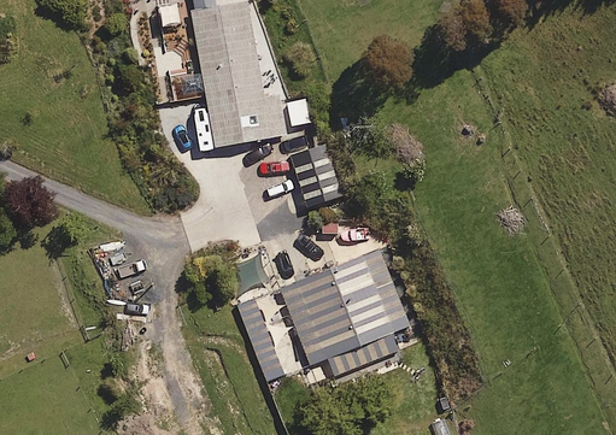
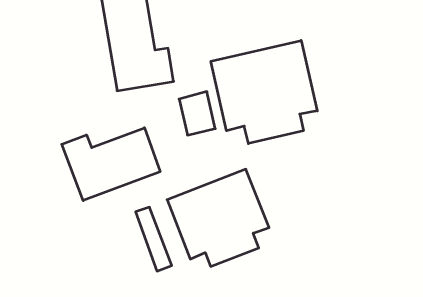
building: none -> [211,40,317,144]
building: none -> [62,128,160,201]

